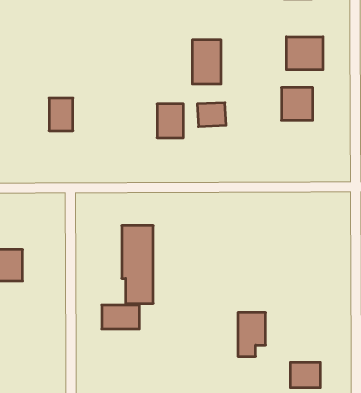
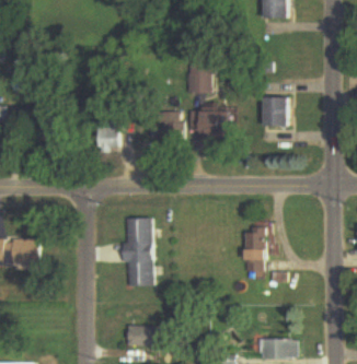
building: [286,37,323,70] -> none
building: [49,98,73,131] -> [100,120,120,149]
building: [102,305,139,329] -> [127,325,160,345]
building: [238,313,266,356] -> [244,232,268,270]

